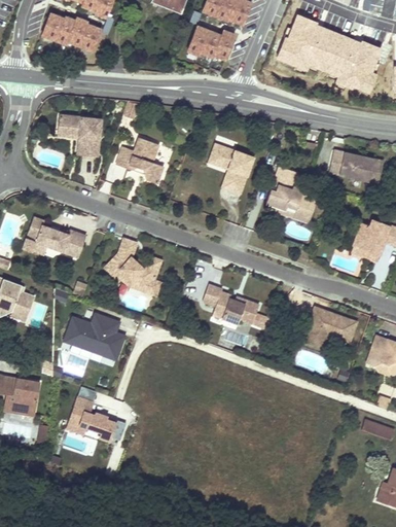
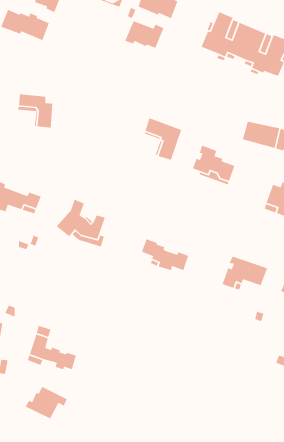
building: [118,137,166,182] -> none
building: [66,312,125,358] -> none
building: none -> [24,386,68,420]

